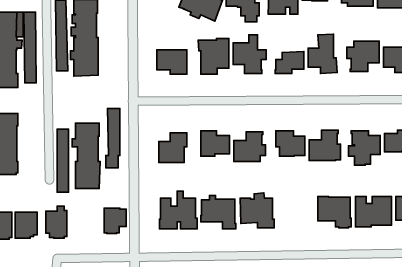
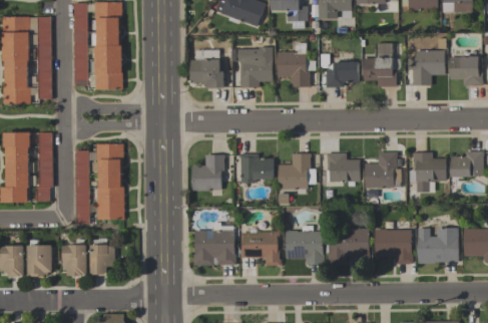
building: [106,108,120,168] -> [36,132,52,201]
building: none -> [328,228,368,263]
building: [104,208,126,234] -> [90,245,115,274]

